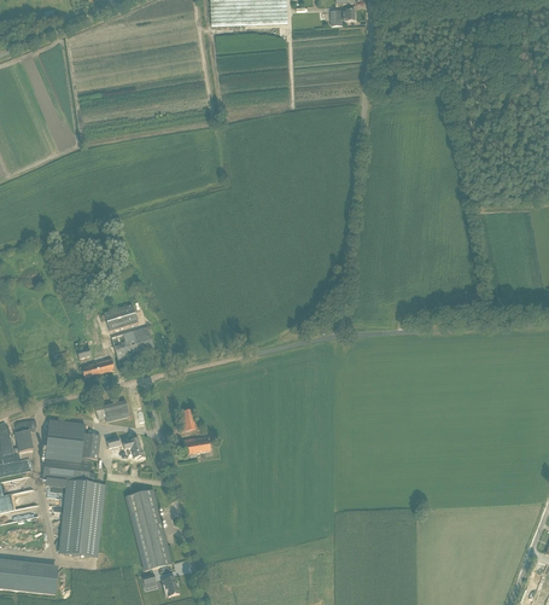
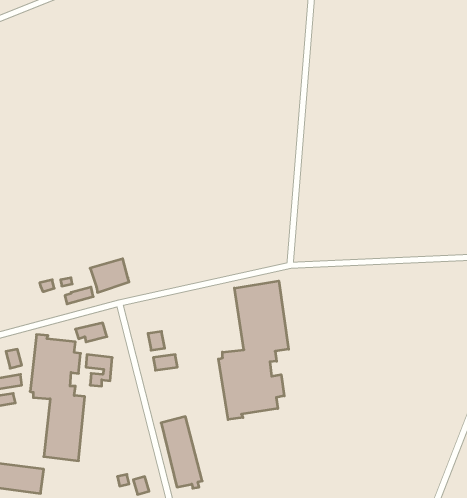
building: [103,302,136,328] -> none
building: none -> [218,281,289,420]
building: [124,488,171,570] -> [161,417,202,488]

